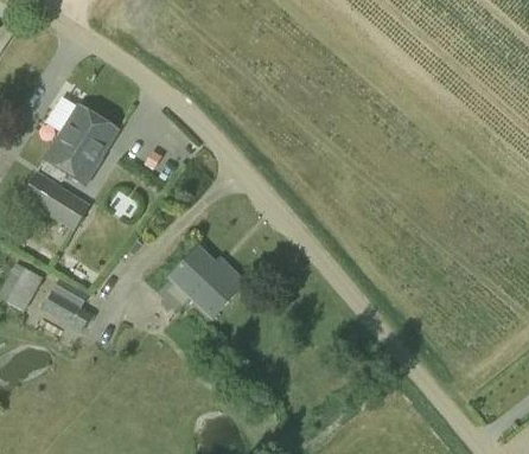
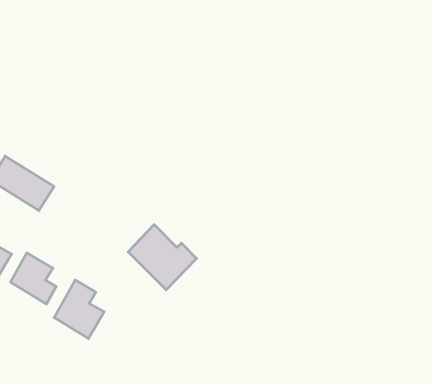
building: [39,103,117,183] -> none
building: none -> [54,280,104,339]

